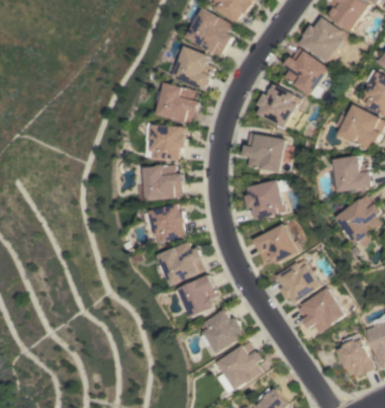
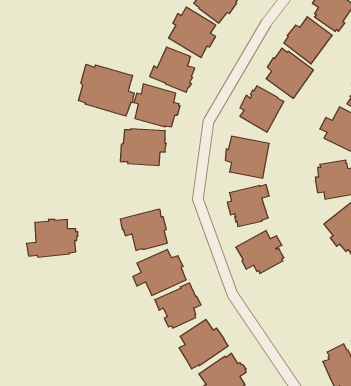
building: none -> [78,64,134,116]
building: [134,164,184,200] -> [26,219,78,257]
building: [276,259,319,304] -> none
building: [297,287,345,333] -> none

